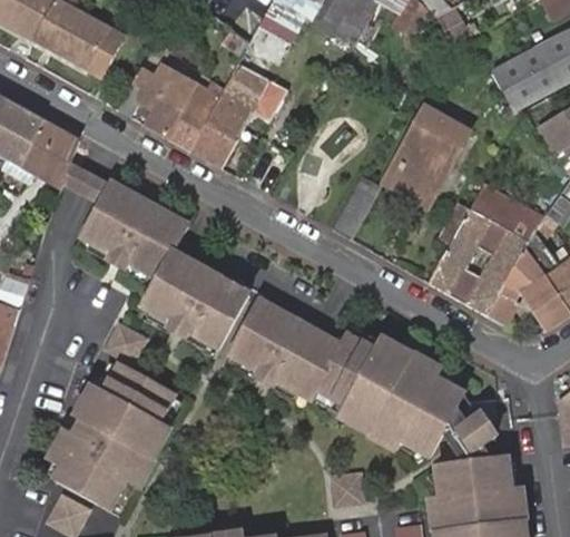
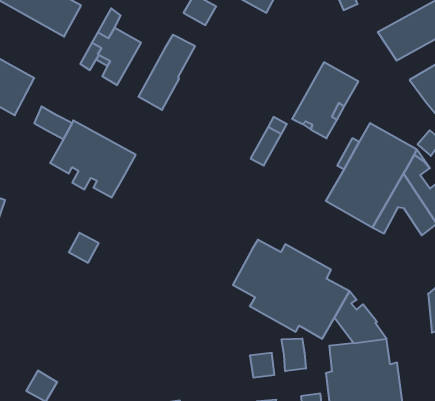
building: [166,80,226,150] -> none
building: [37,127,80,186] -> none
building: [144,252,249,346] -> none
building: [229,299,336,396] -> none
building: [53,364,177,510] -> none
building: none -> [282,338,306,371]

